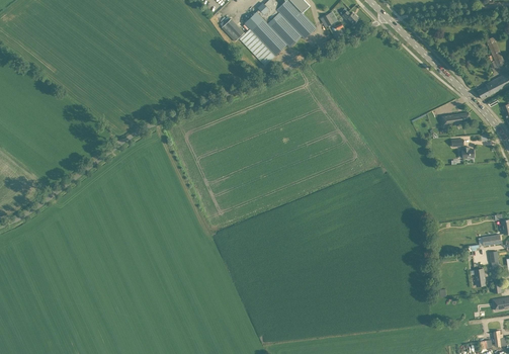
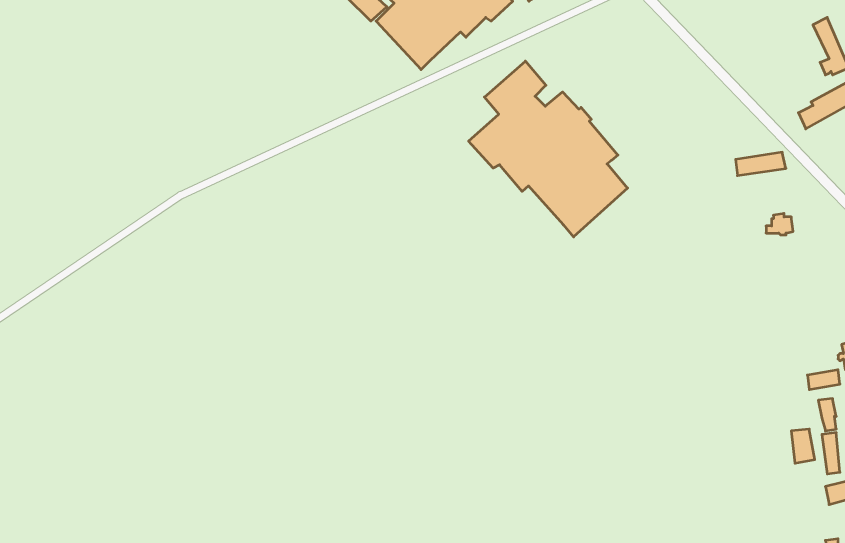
building: none -> [469,61,628,237]

